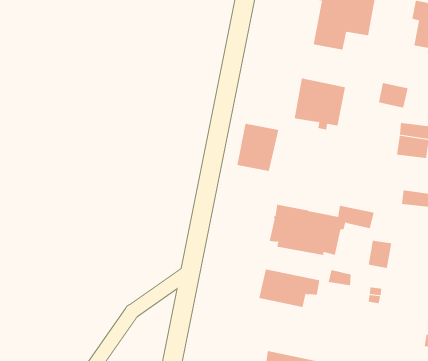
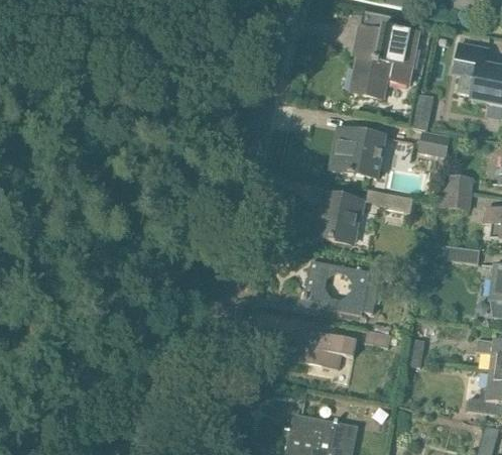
building: none -> [409,92,432,129]
building: [236,123,279,172] -> [318,193,363,244]
building: none -> [368,190,416,215]
building: [368,240,392,269] -> none

